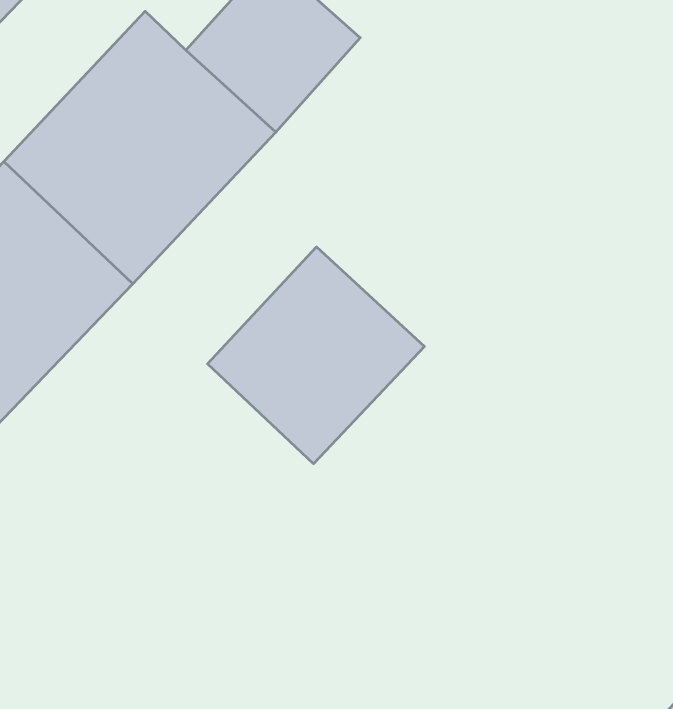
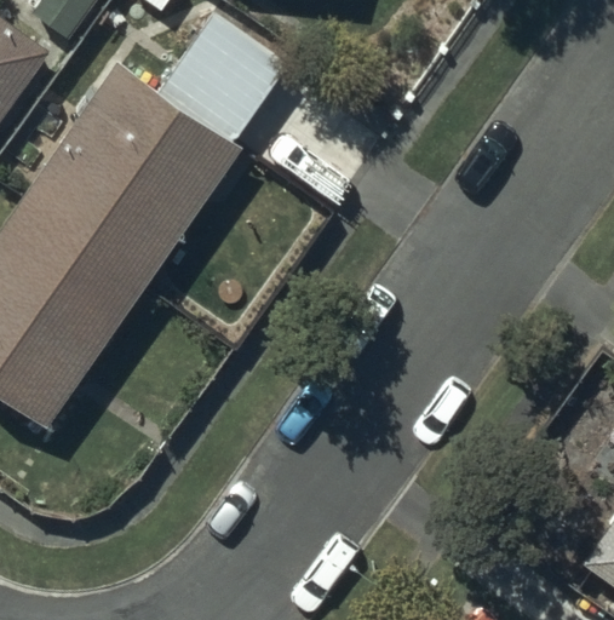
building: [208,247,424,464] -> none

